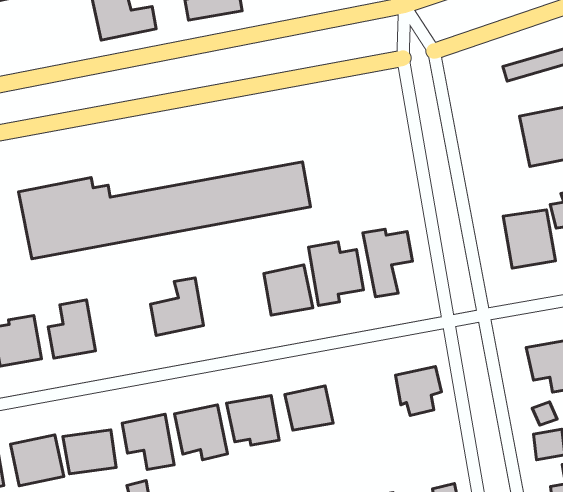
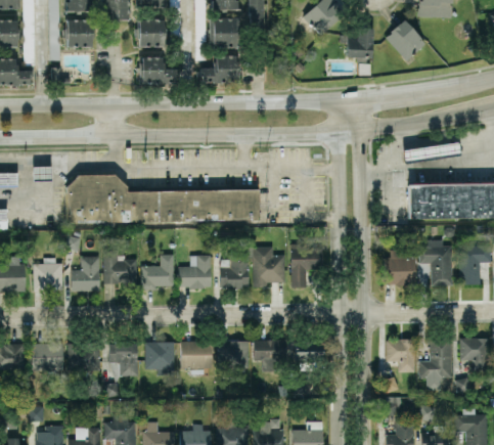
building: none -> [178,255,211,287]
building: none -> [102,251,137,284]
building: none -> [254,339,286,370]

